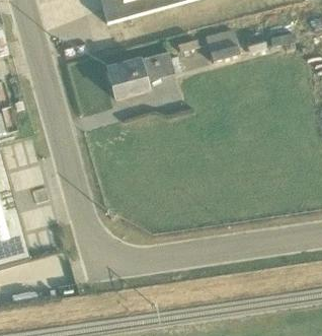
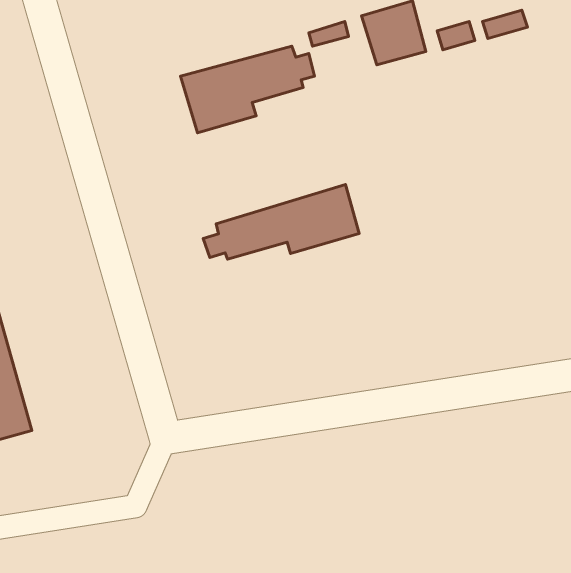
building: none -> [203,185,359,259]

